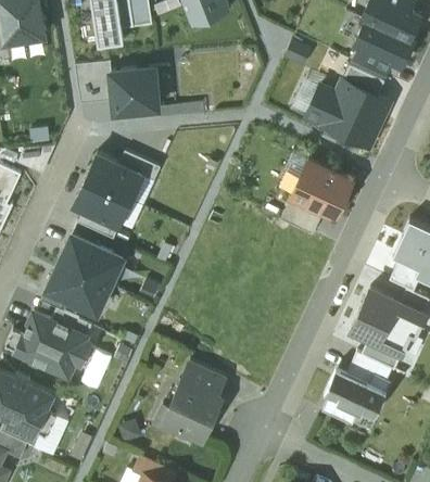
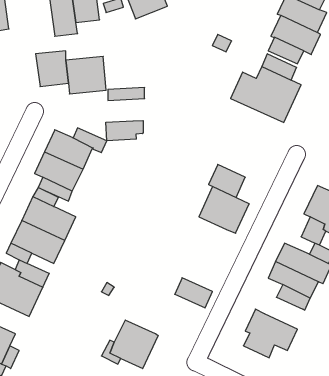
building: none -> [106,121,143,141]
building: [291,161,351,216] -> [199,187,249,233]
building: [346,352,392,390] -> none
building: [181,362,226,397] -> [175,278,212,308]

